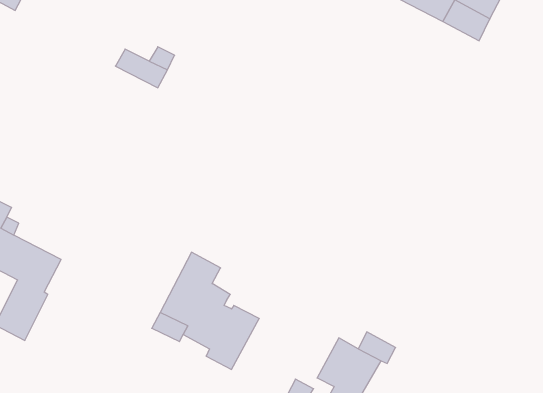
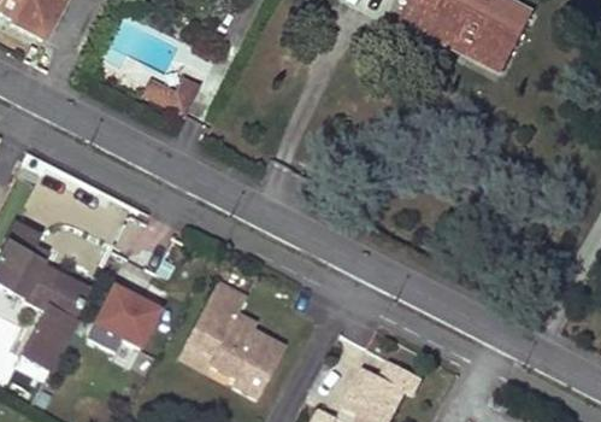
building: none -> [81,285,160,375]

